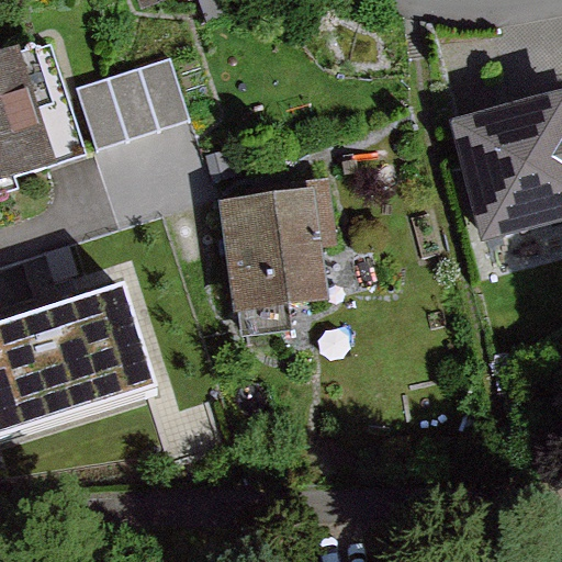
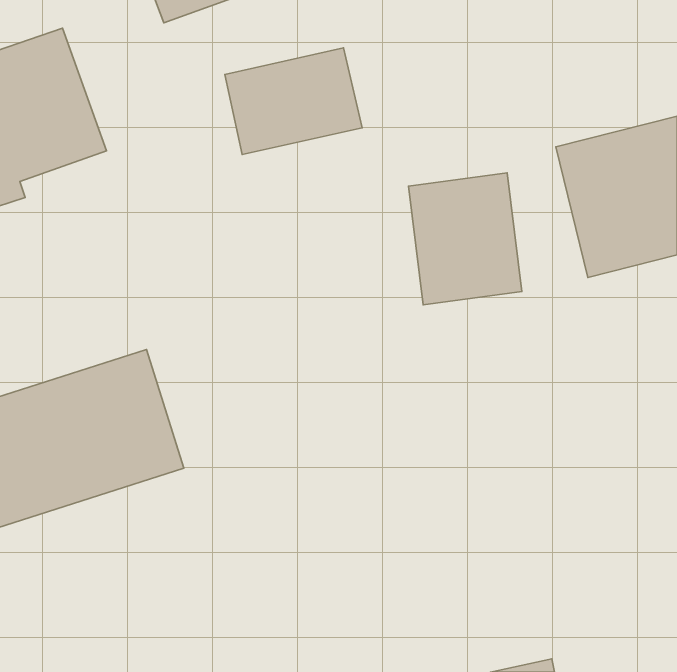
building: [78,57,191,145] -> [225,48,362,155]
building: [225,193,318,302] -> [408,173,522,305]

